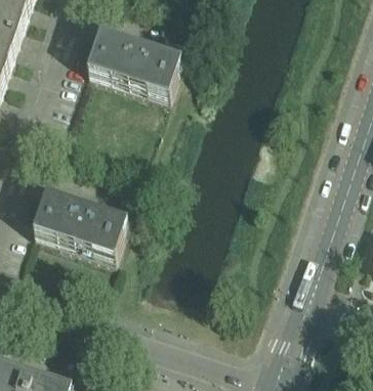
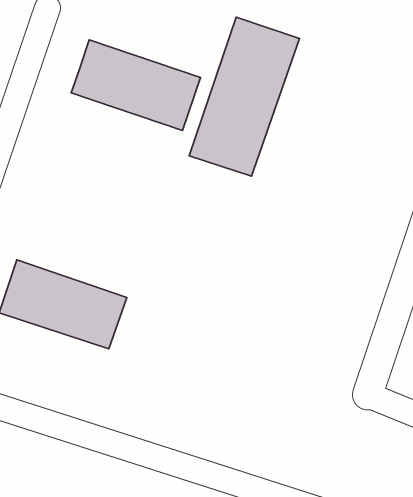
building: none -> [189,17,300,176]

